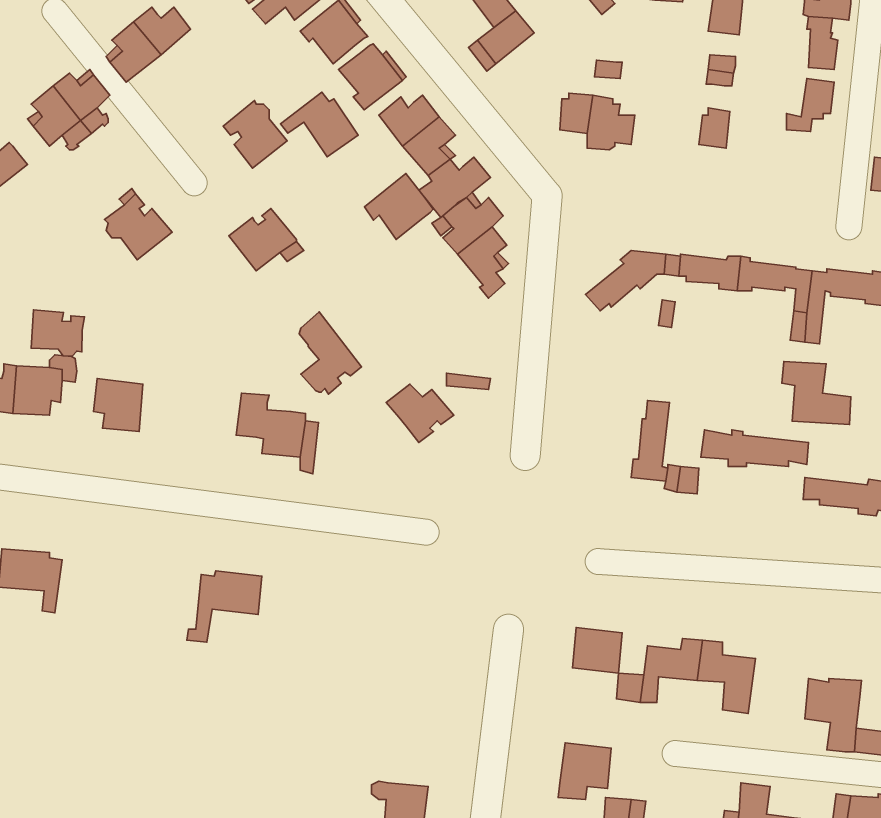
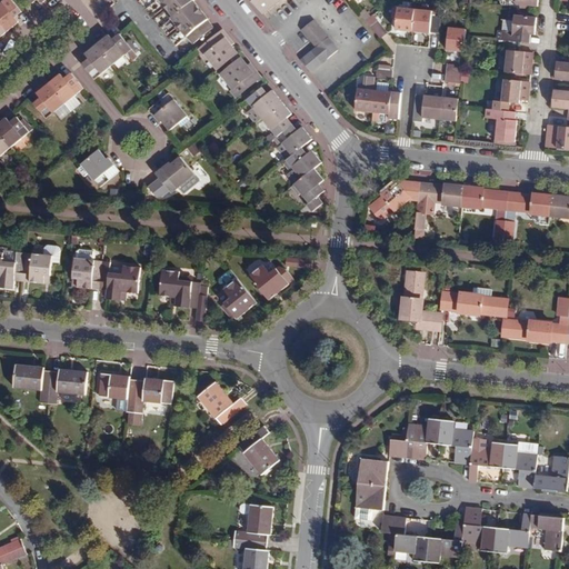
building: [281,92,358,157] -> none
building: none -> [411,92,440,120]
building: none -> [490,109,517,147]
building: [364,173,433,240] -> none
building: [31,310,85,356] -> none
building: [299,312,361,394] -> [218,268,256,318]
building: [782,361,851,425] -> none
building: none -> [98,263,139,302]
building: none -> [47,368,87,403]
building: none -> [97,372,136,412]
building: none -> [197,380,247,425]
building: [573,627,622,673] -> [357,457,387,485]
building: none -> [237,426,279,476]
building: none -> [467,441,505,480]

